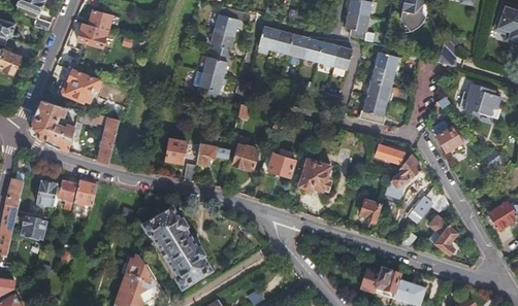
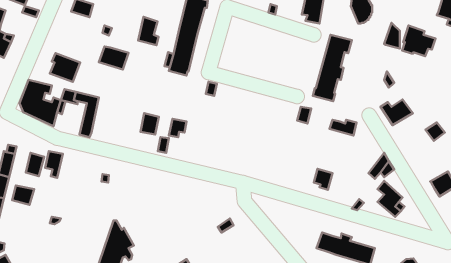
building: [75,23,108,48] -> [99,46,129,70]
building: [257,26,350,68] -> none
building: none -> [138,17,159,45]
building: [463,80,500,114] -> [402,26,435,56]
building: [232,144,258,169] -> none
building: [262,144,295,177] -> none
building: [386,152,421,198] -> none
building: [299,158,330,194] -> none
building: [74,183,98,215] -> none
building: [142,208,211,290] -> none

